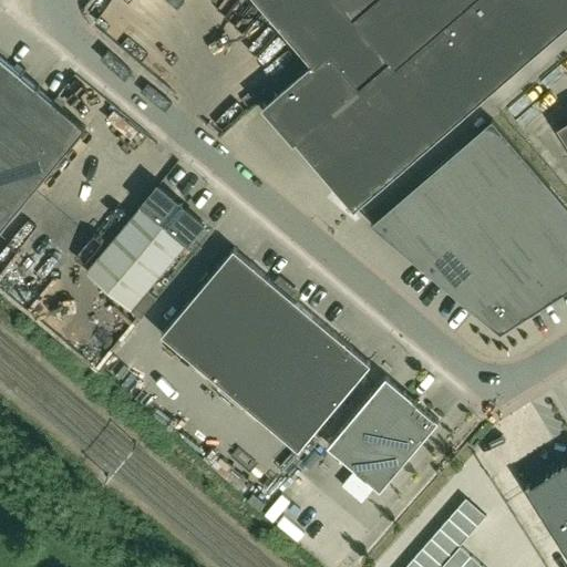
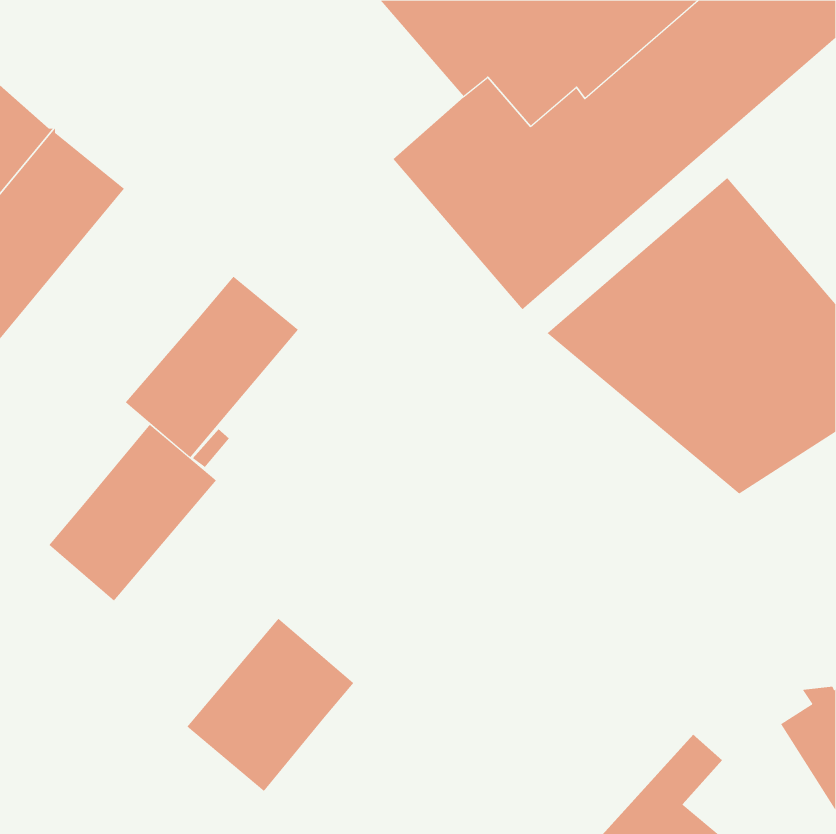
building: [161,251,369,453] -> none
building: none -> [49,424,217,602]
building: [327,379,437,493] -> none
building: none -> [186,618,354,792]

